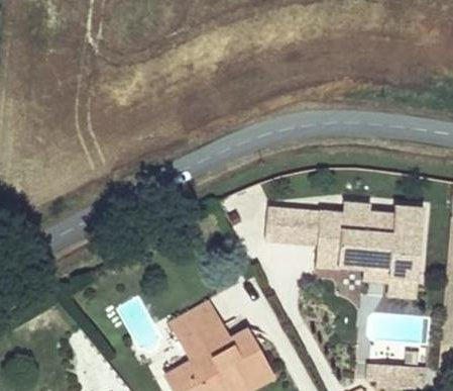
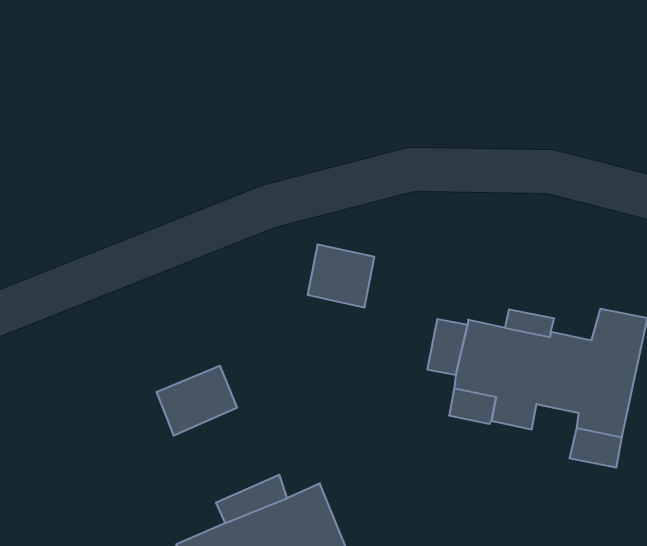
building: [265,215,302,249] -> [308,245,374,307]
building: [173,298,221,343] -> [156,366,237,436]

